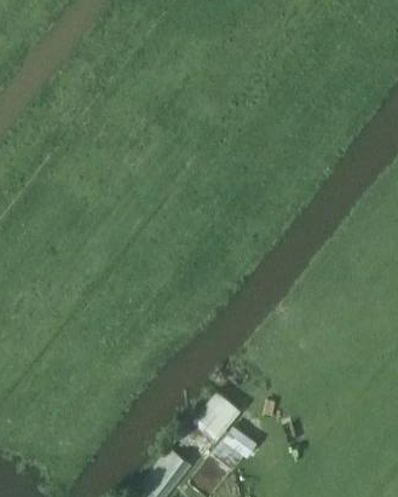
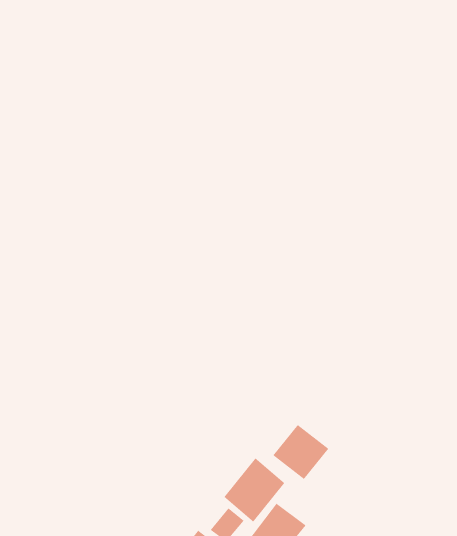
building: none -> [273,424,329,480]

